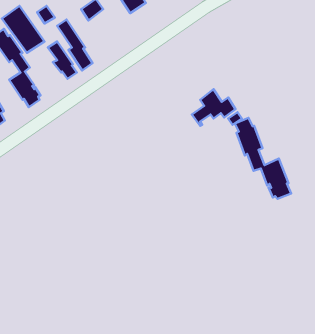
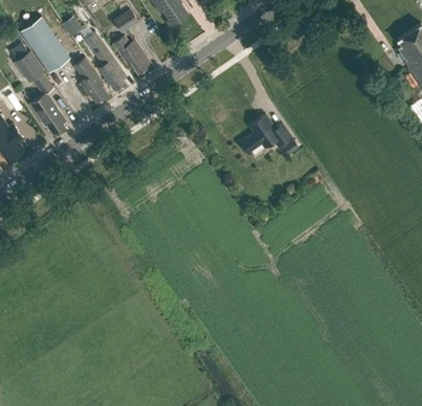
building: none -> [113,33,151,73]
building: [235,118,291,199] -> none

